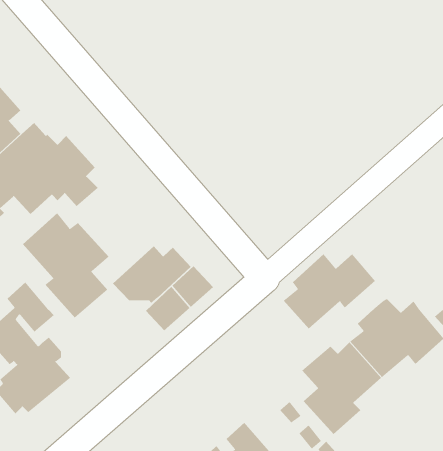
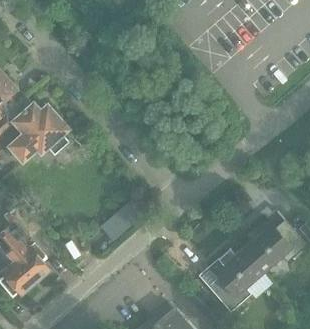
building: [22,213,110,318] -> none
building: [112,246,192,304] -> none
building: [283,254,376,329] -> none

